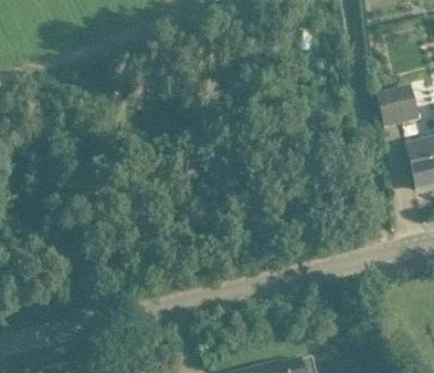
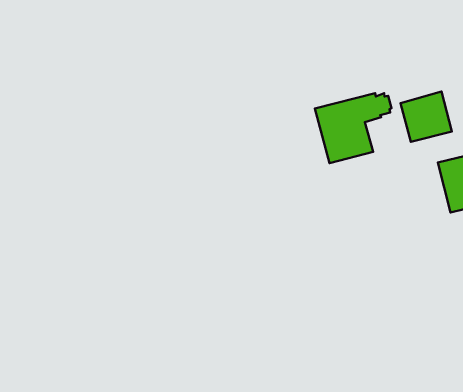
building: none -> [315,93,391,163]

